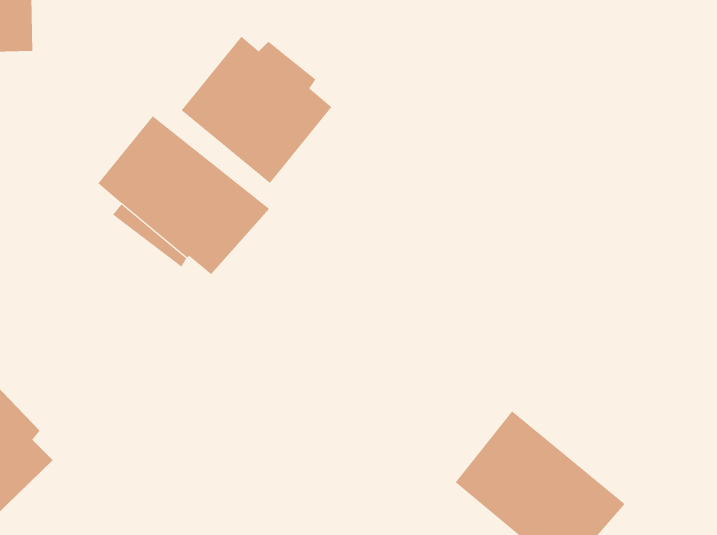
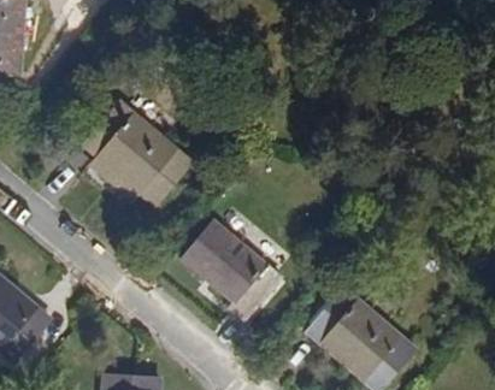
building: [181,36,332,184] -> none
building: none -> [181,223,282,326]

